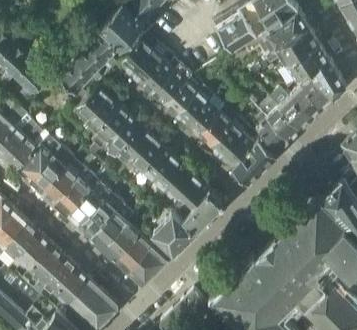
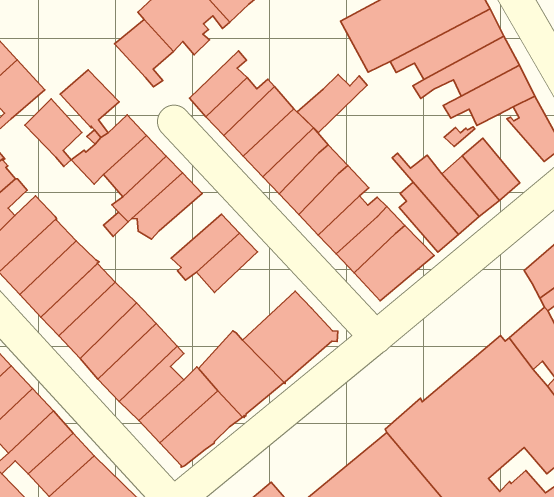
building: [118,41,157,75] -> [297,74,367,133]
building: [72,47,105,85] -> [25,99,82,166]
building: [300,74,336,110] -> none
building: [118,129,154,169] -> none
building: [153,160,199,211] -> none

